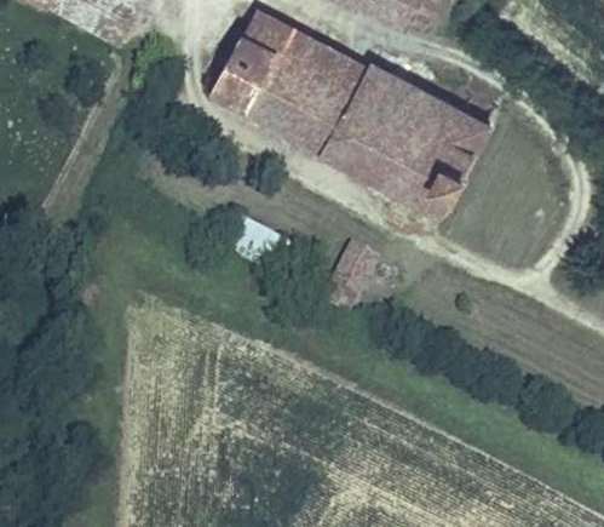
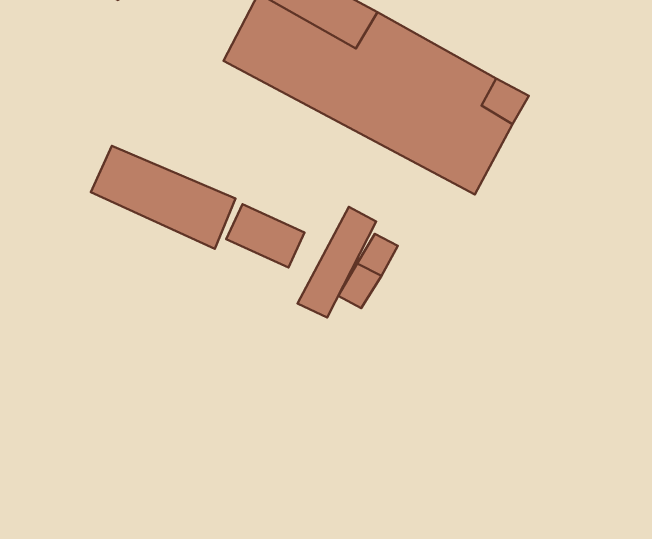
building: none -> [91,146,235,249]
building: none -> [297,207,376,318]

